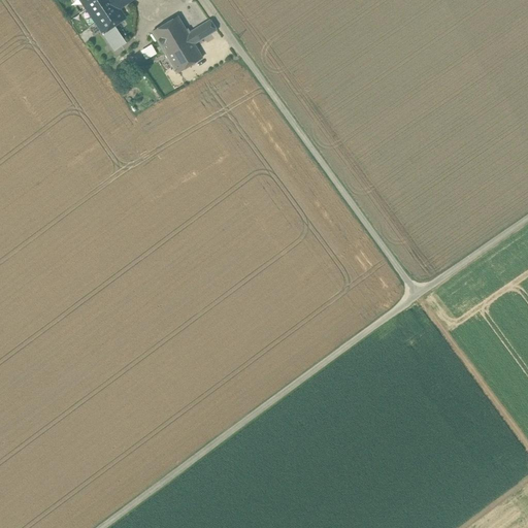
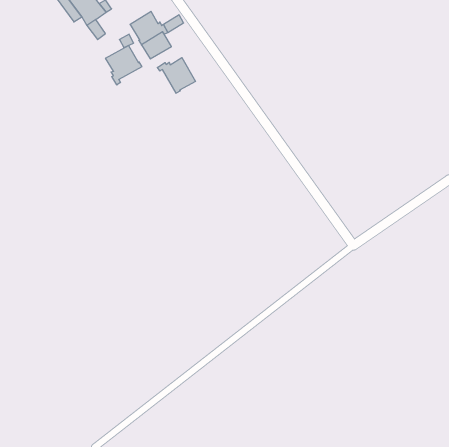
building: none -> [106,45,142,85]
building: none -> [157,58,195,93]

